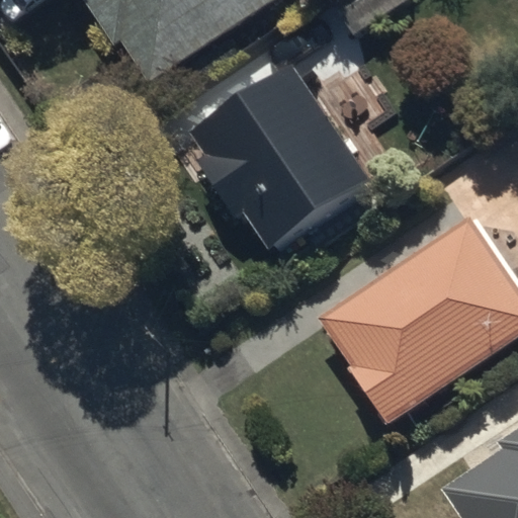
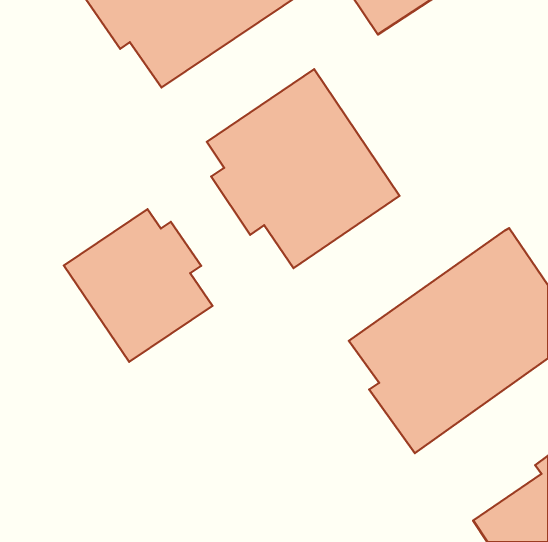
building: none -> [64,209,212,362]

